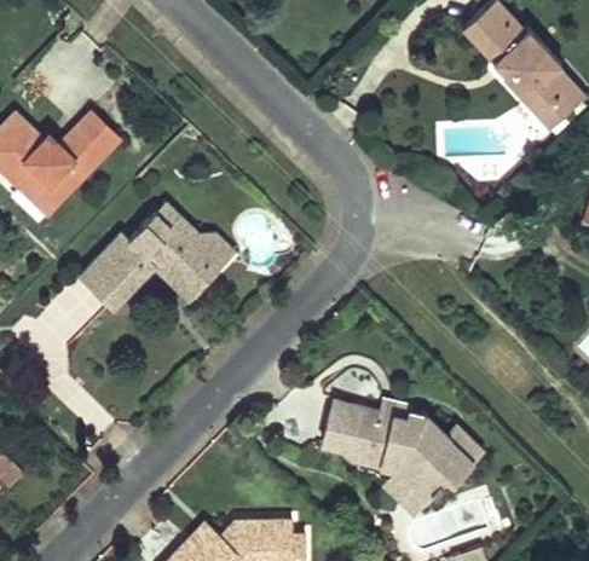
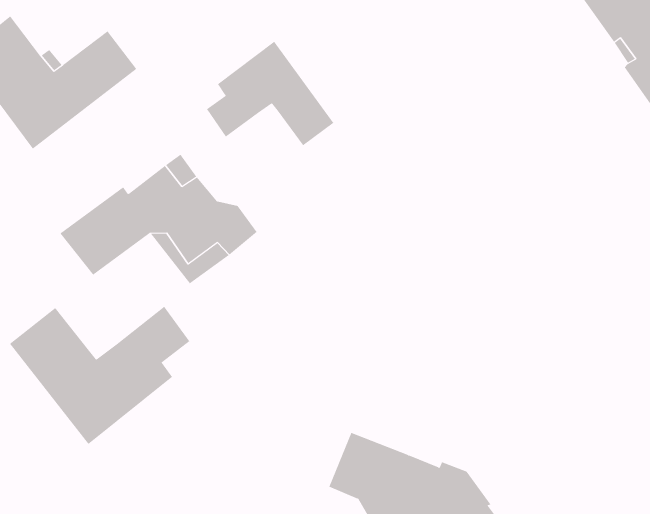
building: none -> [206,41,334,146]
building: none -> [9,306,190,445]

